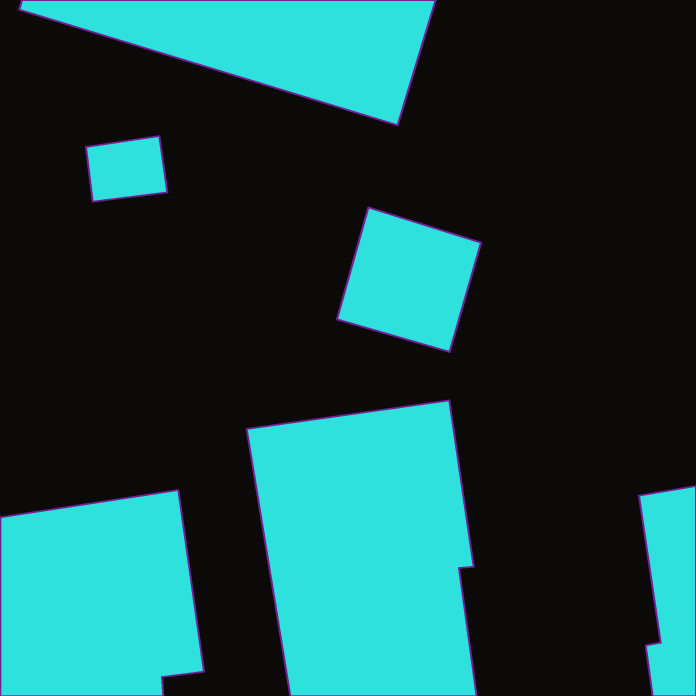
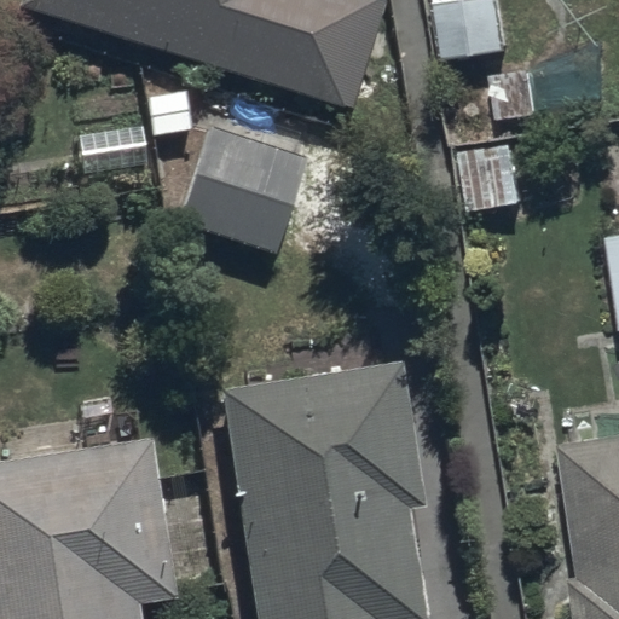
building: [337,208,481,352] -> [178,121,306,249]

